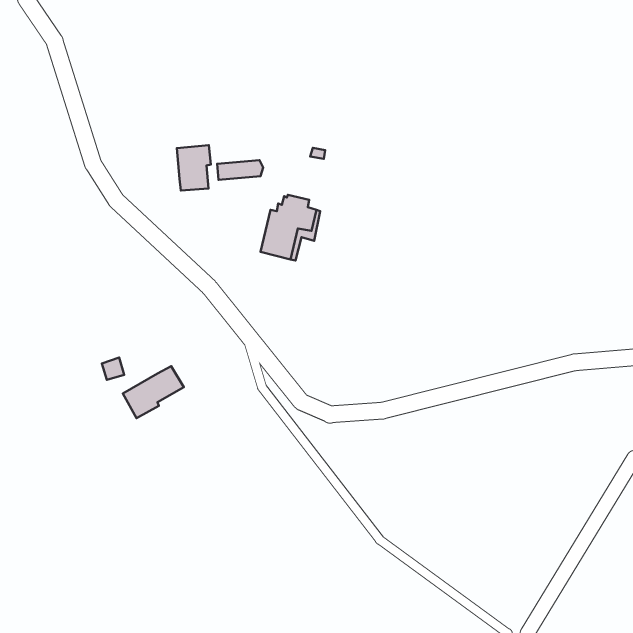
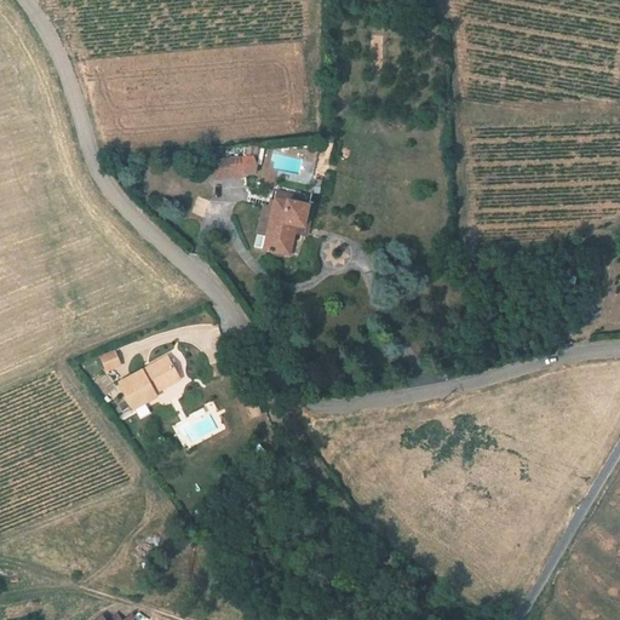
building: [177,145,211,191] -> none

